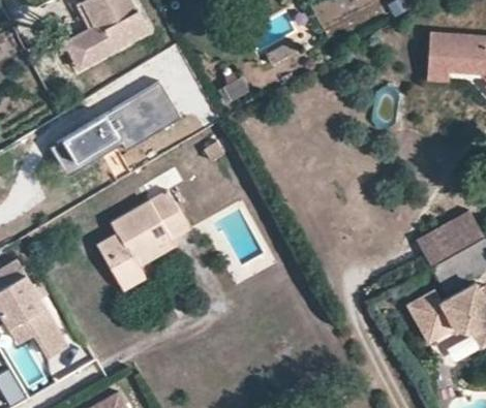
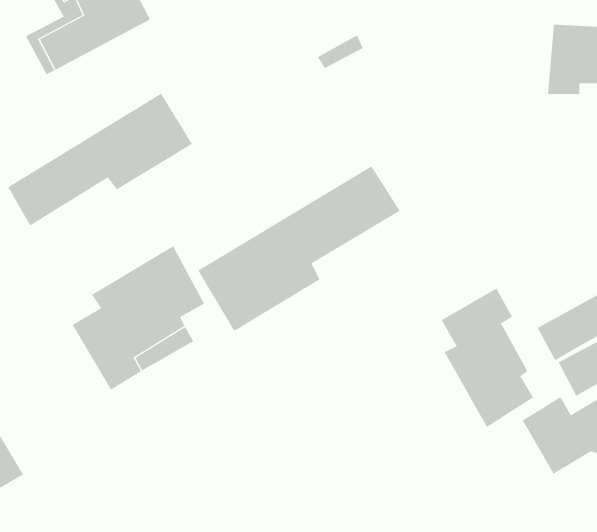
building: none -> [197,166,400,332]
building: none -> [441,288,534,428]

